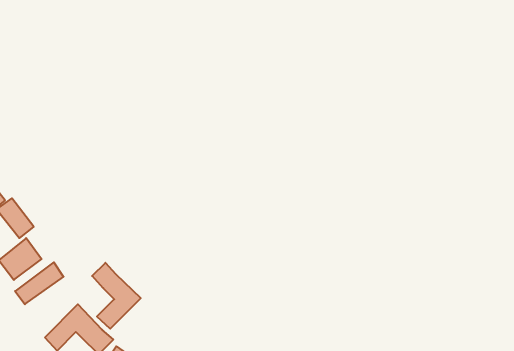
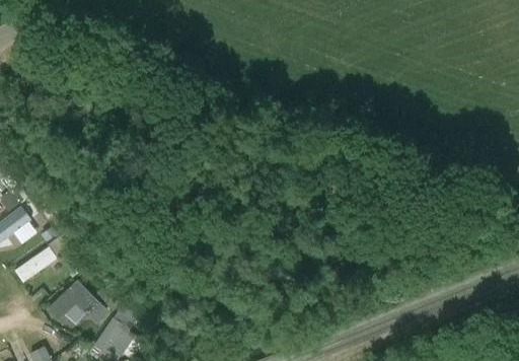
building: [92,263,141,329] -> none

